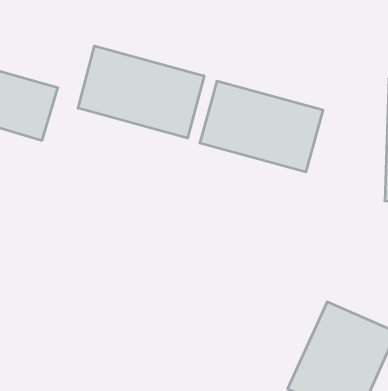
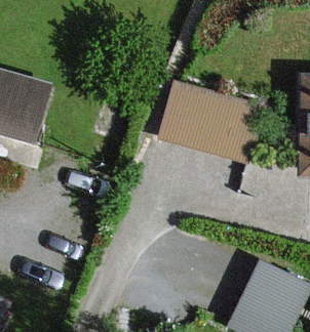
building: [78,46,204,138] -> none

